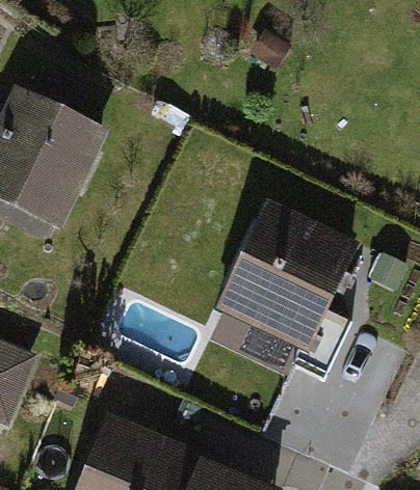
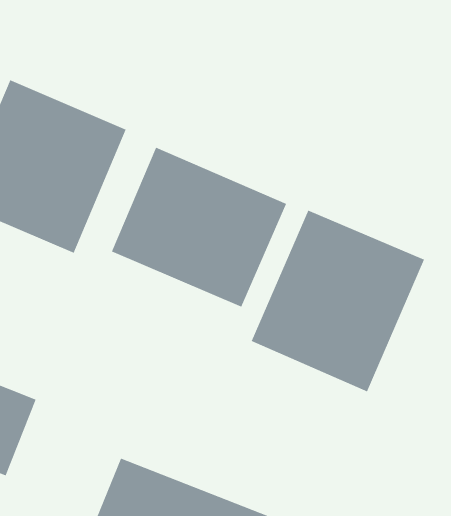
building: none -> [111,147,287,308]

